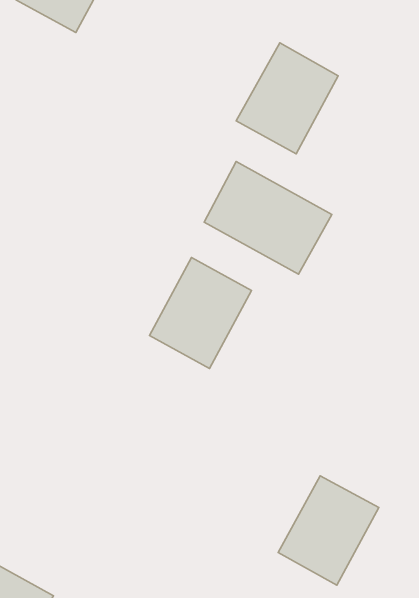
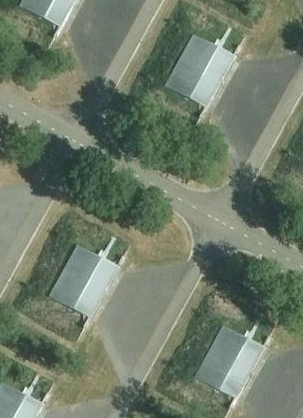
building: [204,161,332,274] -> none
building: [149,258,251,369] -> [51,244,119,318]

